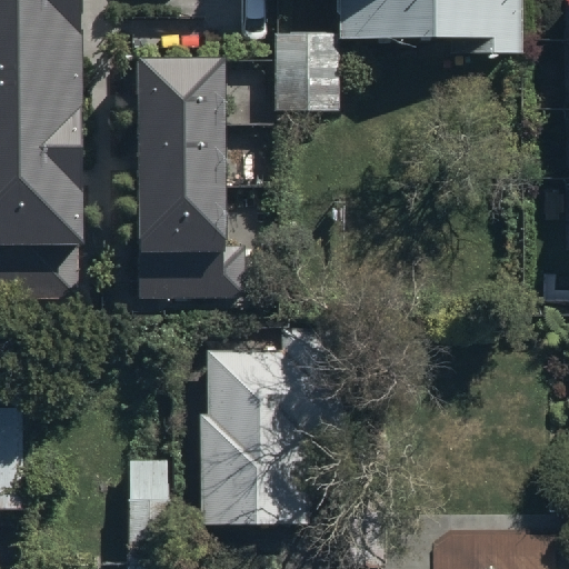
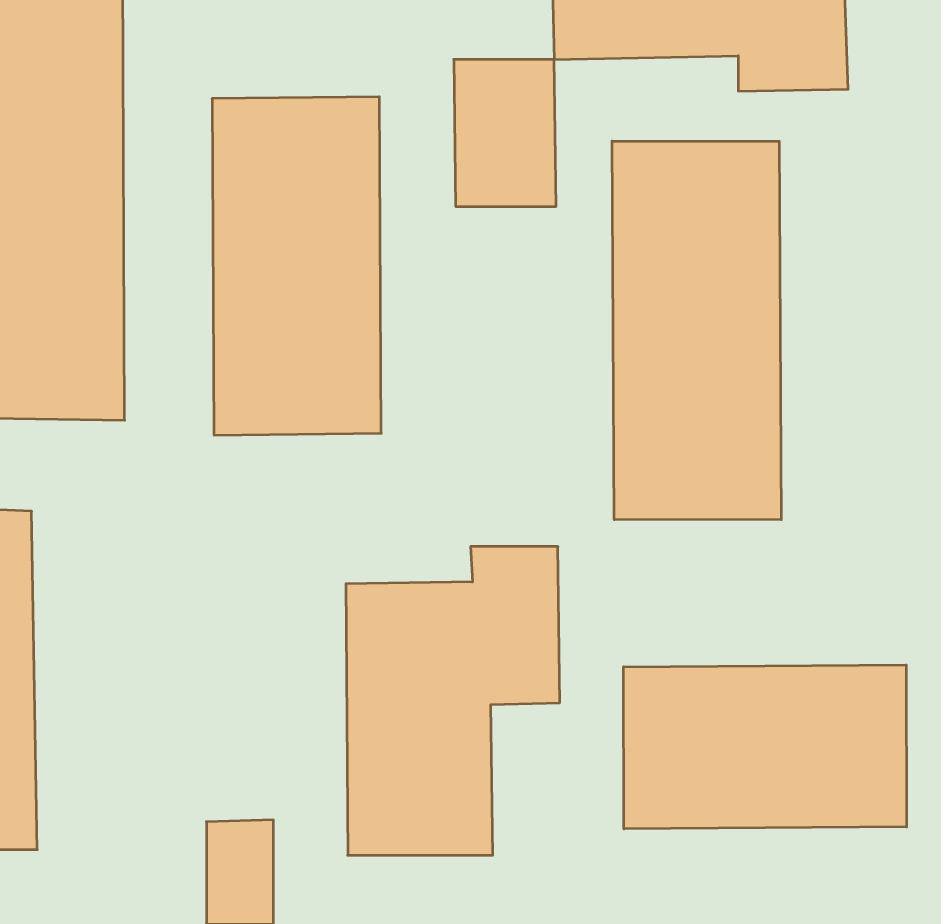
building: none -> [612,141,781,520]
building: none -> [624,665,907,829]

